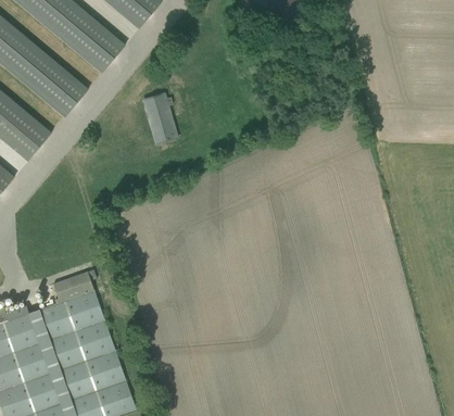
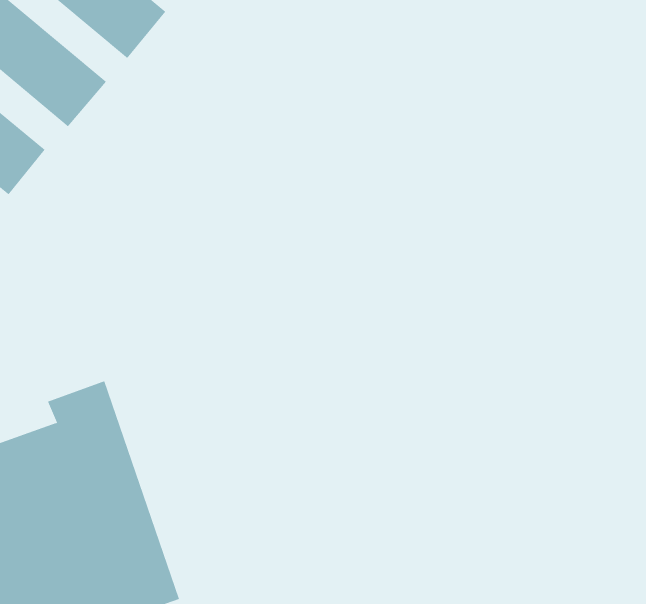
building: [141,91,175,142] -> none

